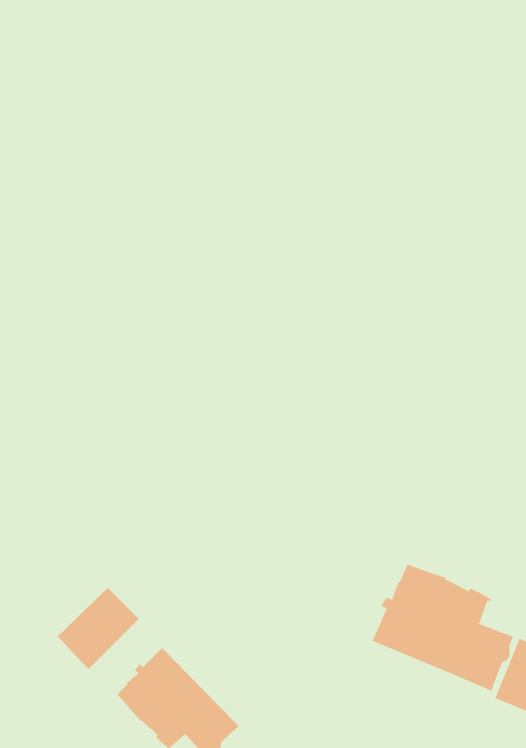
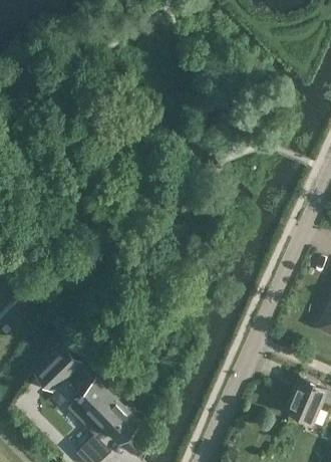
building: [372,564,514,692] -> none

